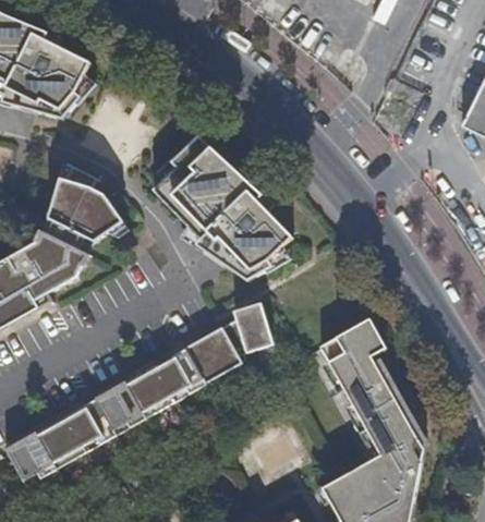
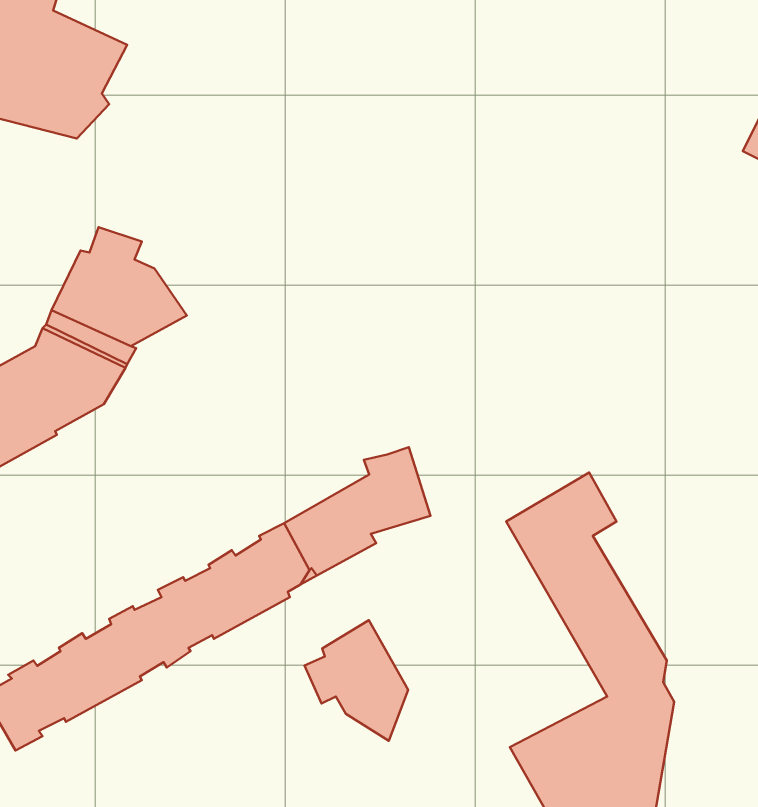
building: [155,134,291,282] -> none
building: none -> [305,620,408,741]

